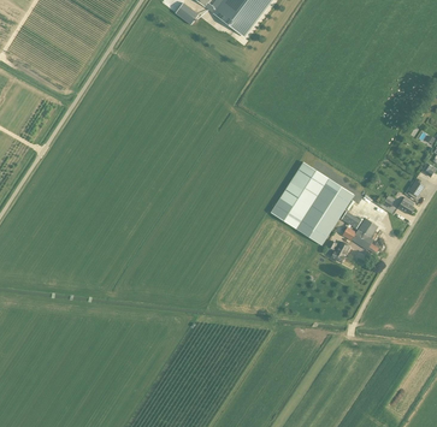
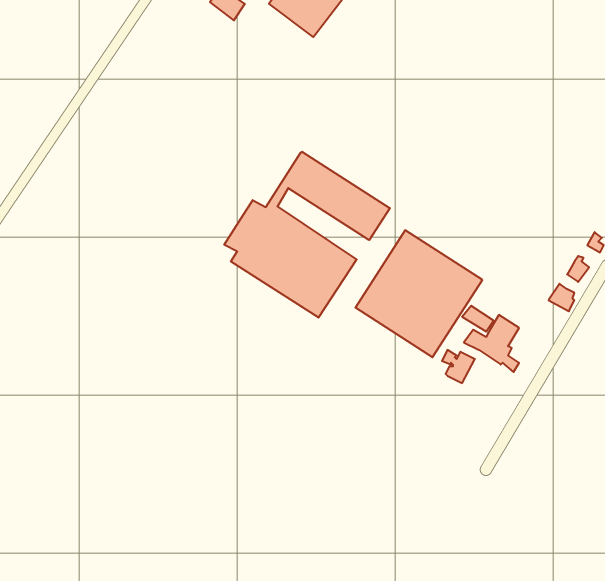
building: none -> [224,152,390,318]

